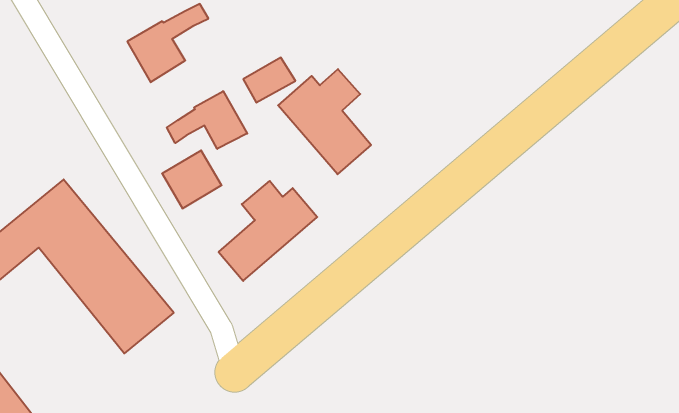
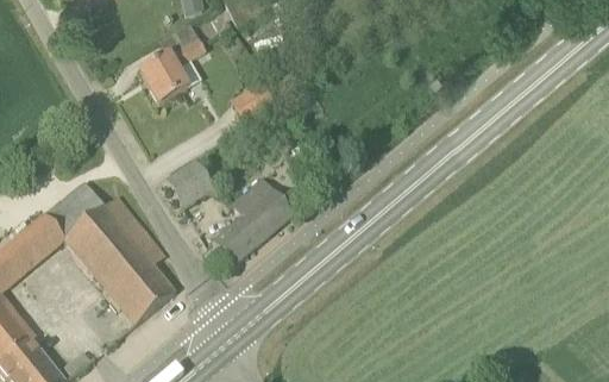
building: [278,69,371,174] -> none
building: [167,91,247,149] -> none

